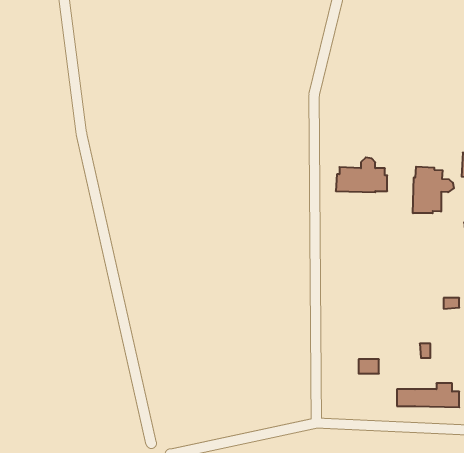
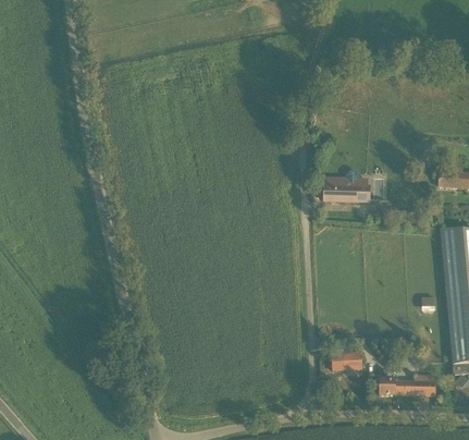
building: [413,167,454,213] -> none

